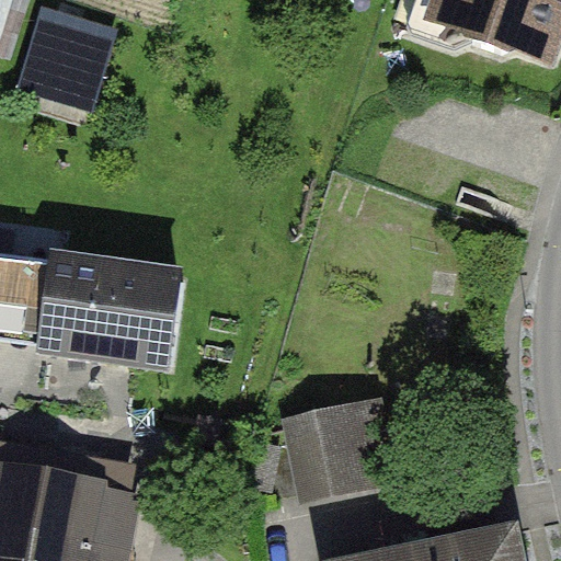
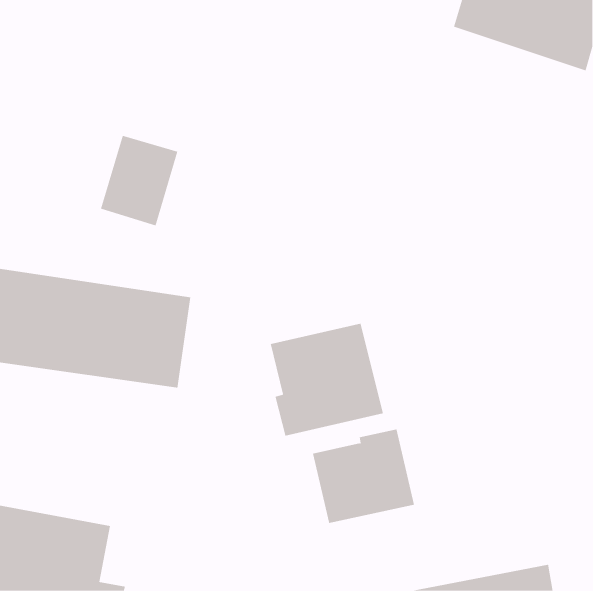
building: [37,19,111,104] -> [100,135,178,226]
building: none -> [270,323,383,437]

